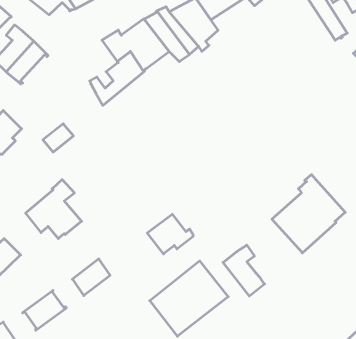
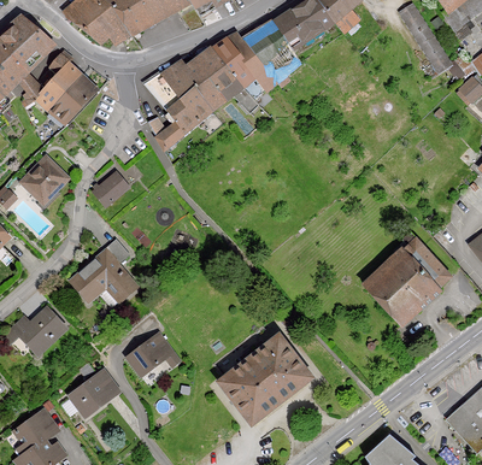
building: none -> [142,72,181,111]
building: [147,214,193,254] -> none
building: [223,245,265,296] -> none

